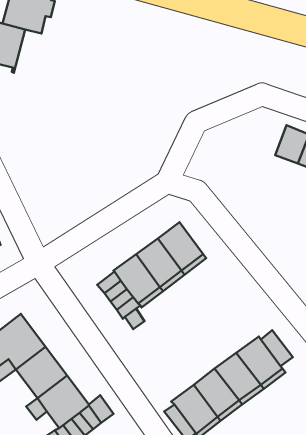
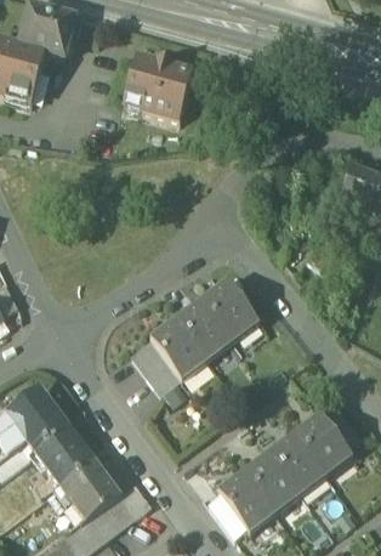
building: none -> [123,59,192,121]

